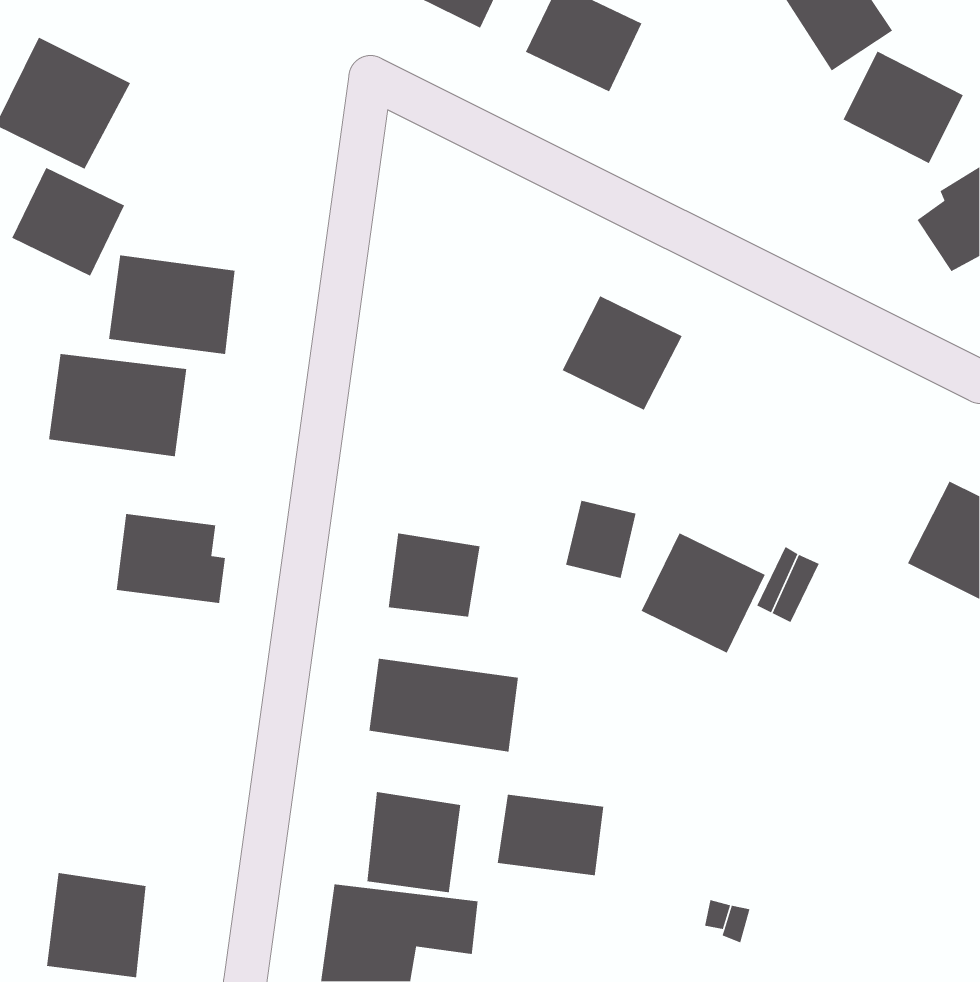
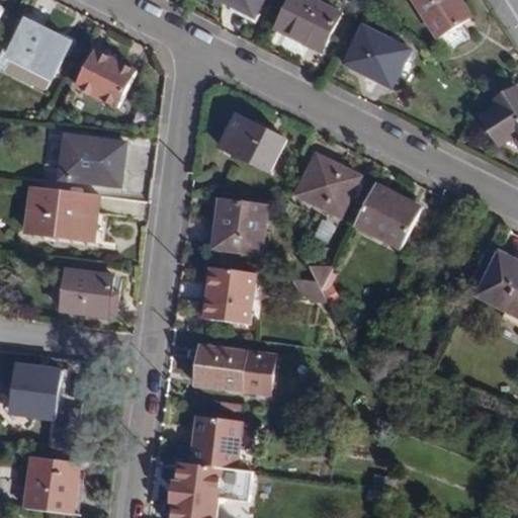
building: [842,50,964,164] -> [344,26,408,86]
building: [11,167,125,277] -> [75,49,135,106]
building: none -> [220,115,283,171]
building: none -> [213,199,265,254]
building: [640,532,766,654] -> [353,183,419,247]
building: none -> [8,363,61,422]
building: [497,794,604,876] -> none

